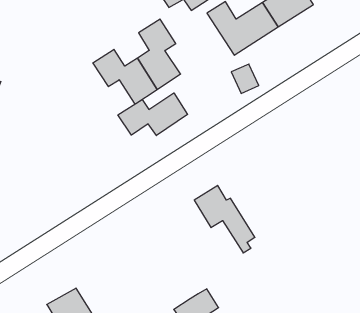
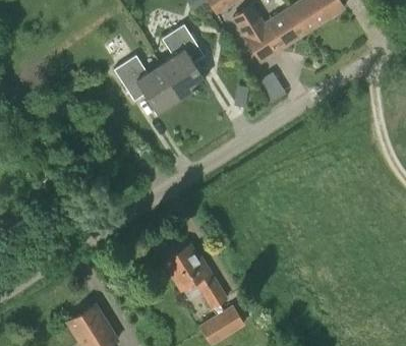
building: [118,93,188,136] -> none
building: [194,185,255,253] -> [165,245,228,315]

